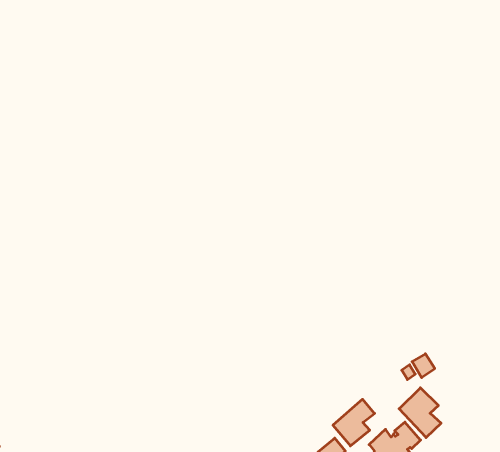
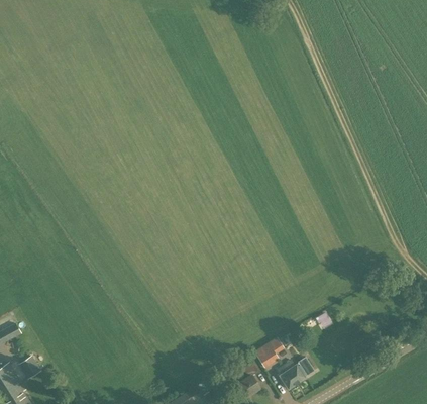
building: [399,388,441,438] -> none

